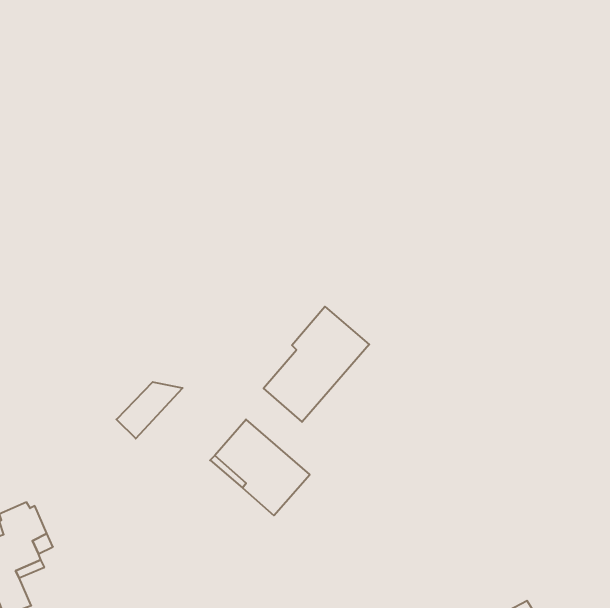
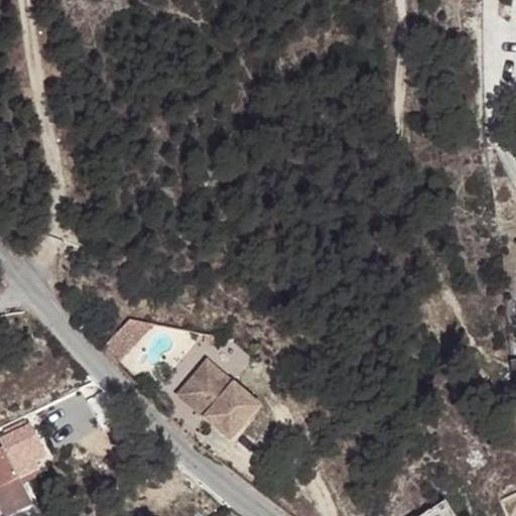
building: [264,307,369,422] -> none

